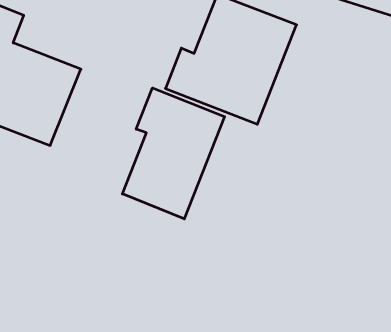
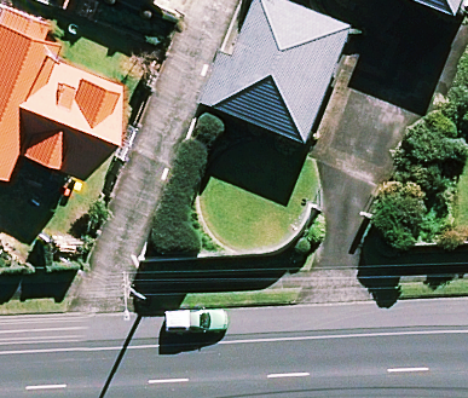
building: [122,88,225,219] -> none

